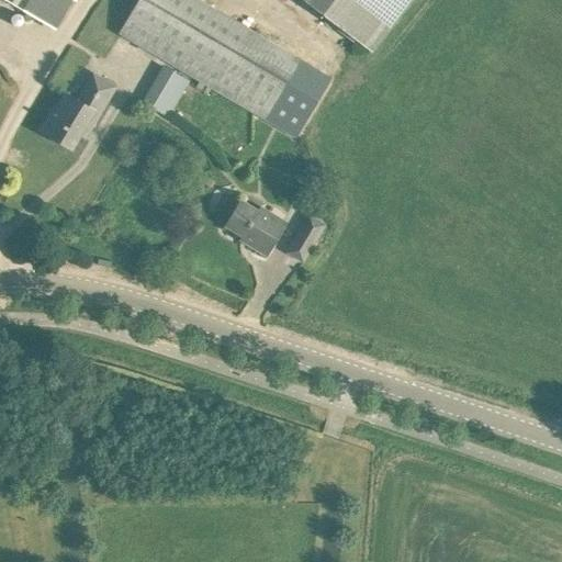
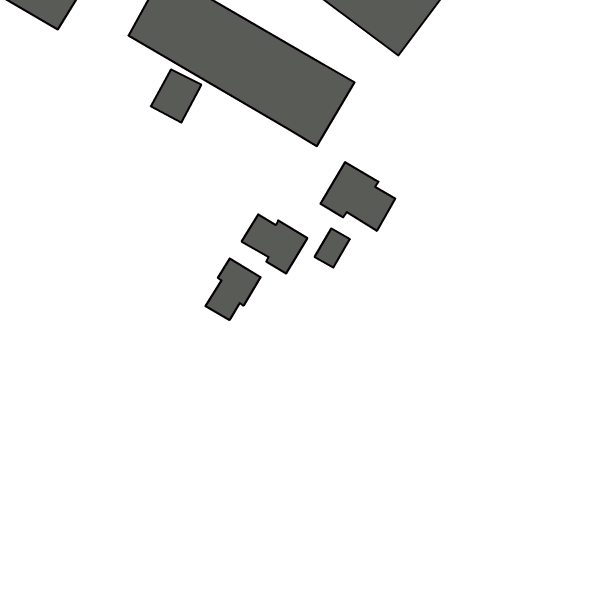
building: [40,72,115,149] -> none
building: none -> [321,162,395,231]
building: none -> [205,258,261,320]

